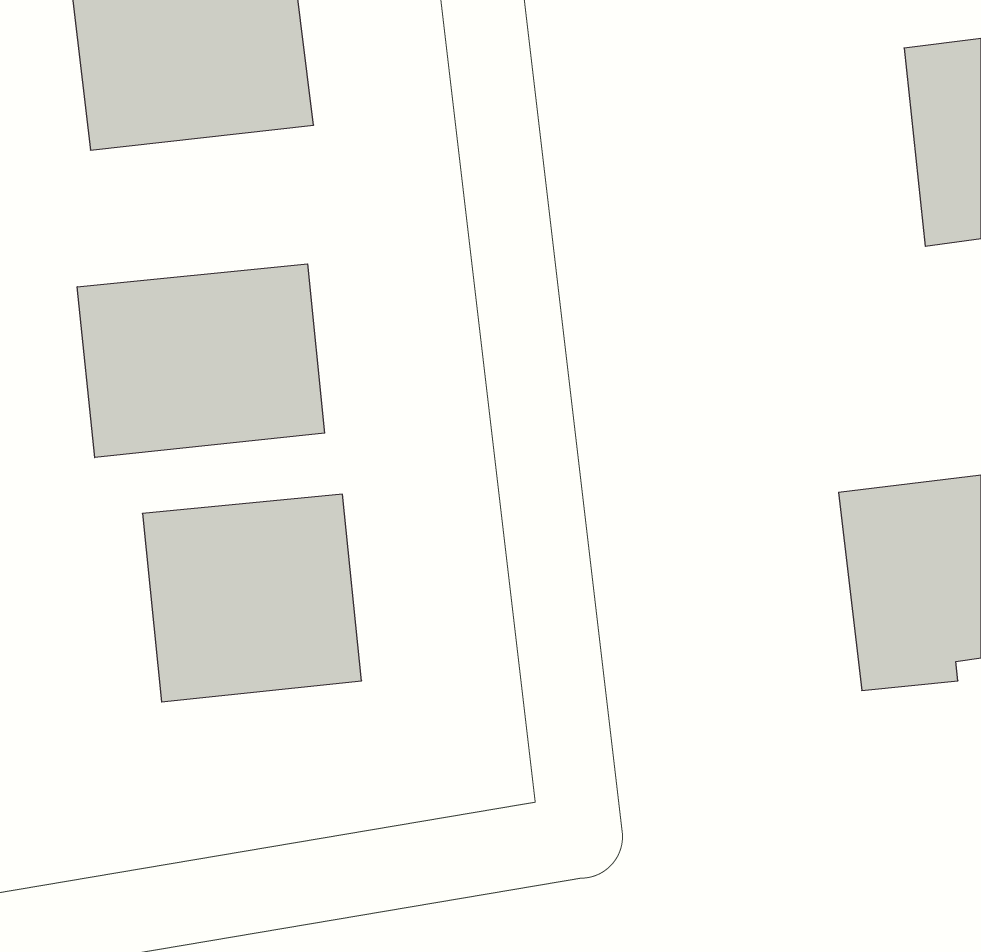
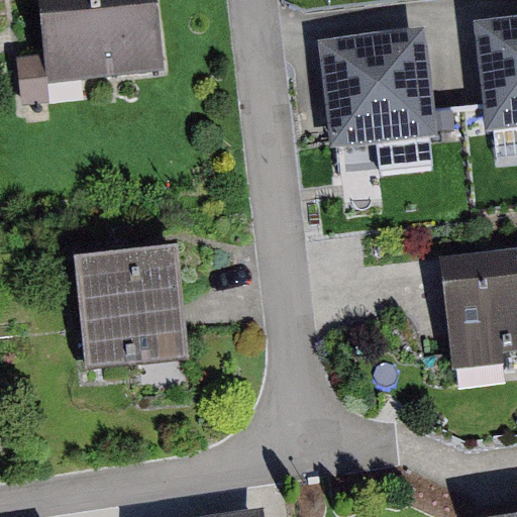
building: none -> [318,33,437,144]
building: [77,264,325,458] -> none

